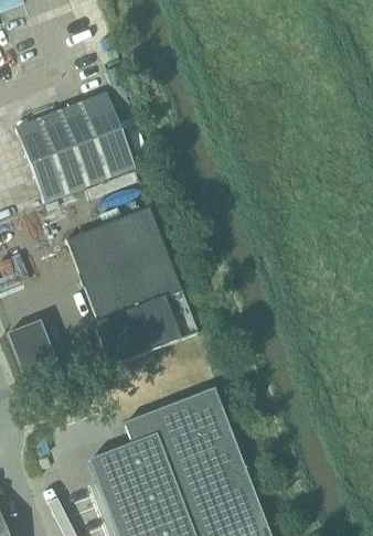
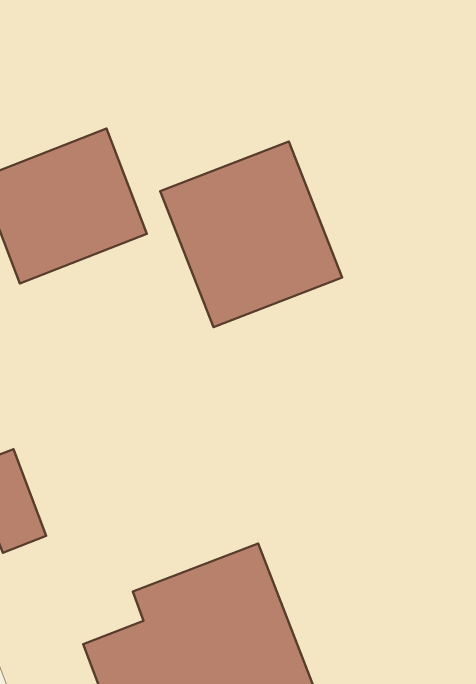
building: none -> [160,141,342,327]
building: [65,206,199,366] -> none

